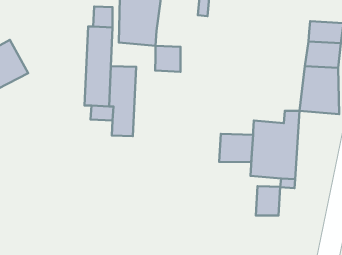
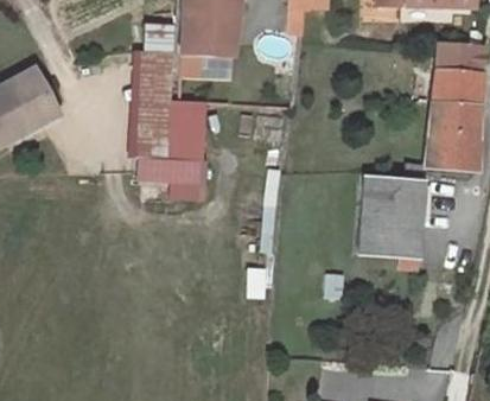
building: [155,46,181,72] -> none
building: [219,134,253,162] -> none
building: [256,186,280,215] -> none

